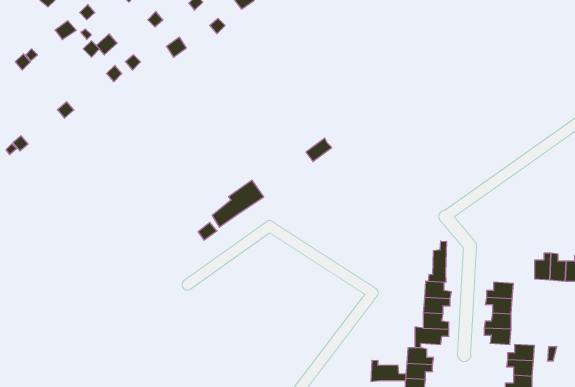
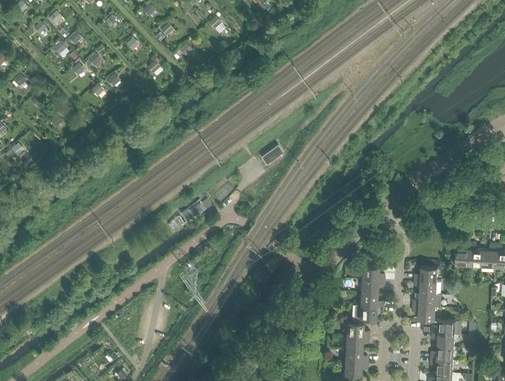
building: [429,241,446,282] -> none
building: [371,360,406,382] -> none

